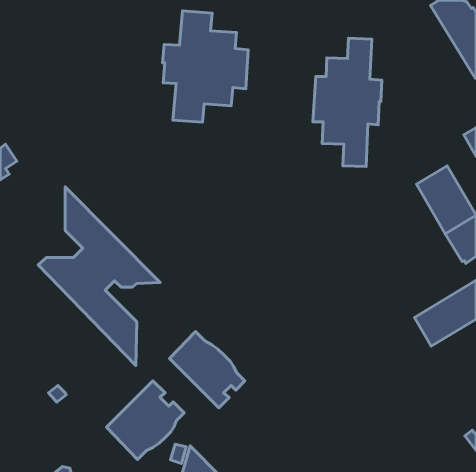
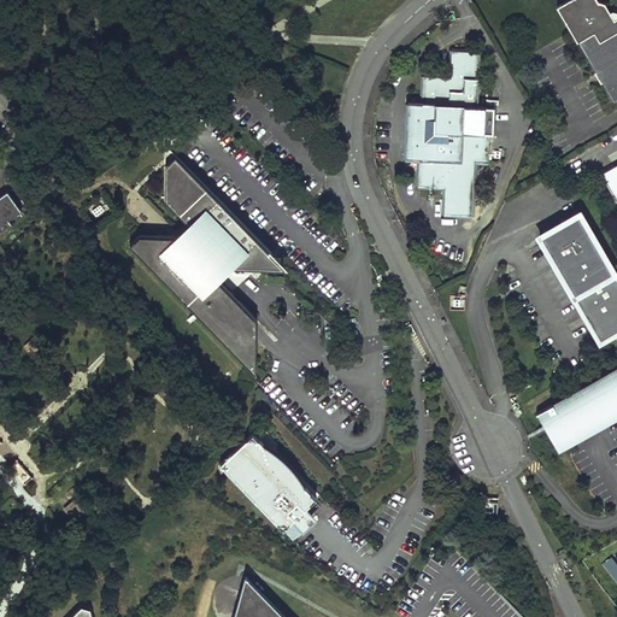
building: [163,11,248,122] -> none
building: [38,187,160,365] -> [129,146,287,377]
building: [106,381,184,459] -> none

